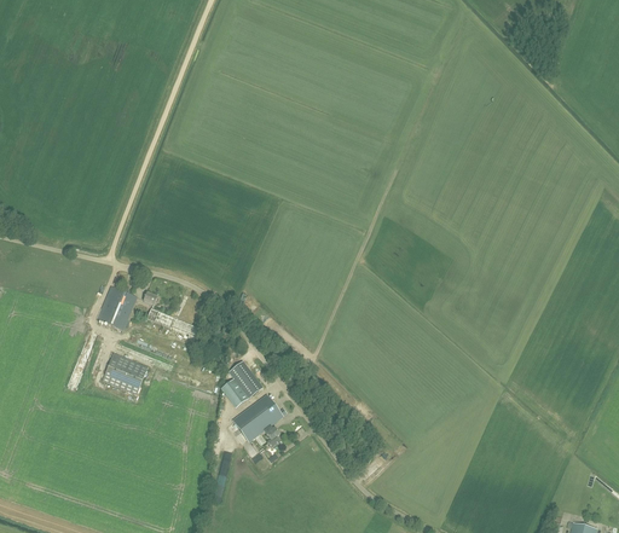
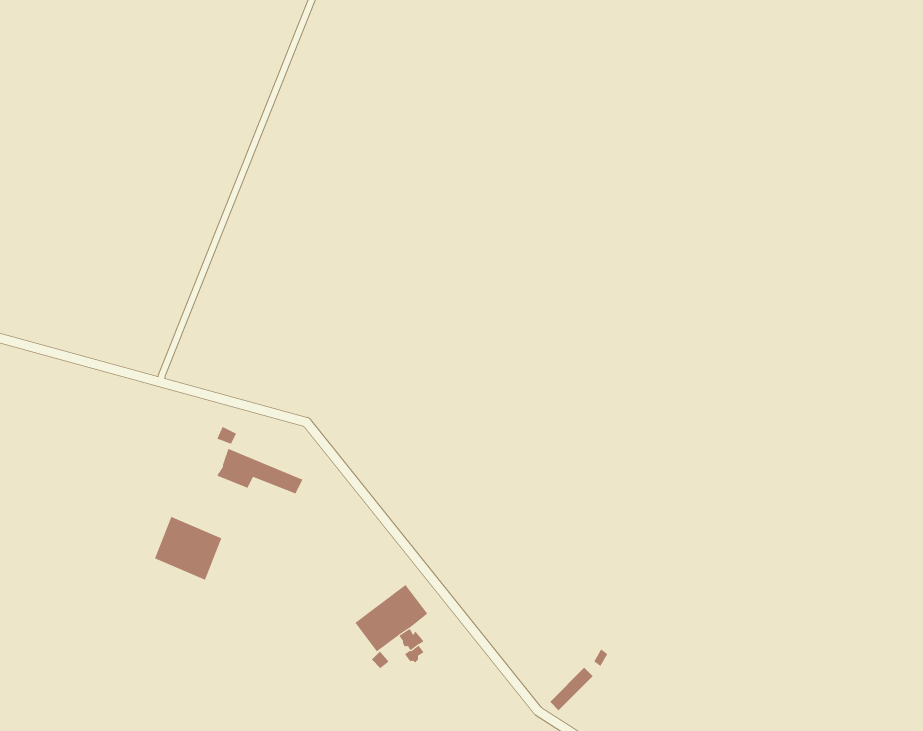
building: [98,283,137,328] -> none
building: [222,359,259,405] -> none

